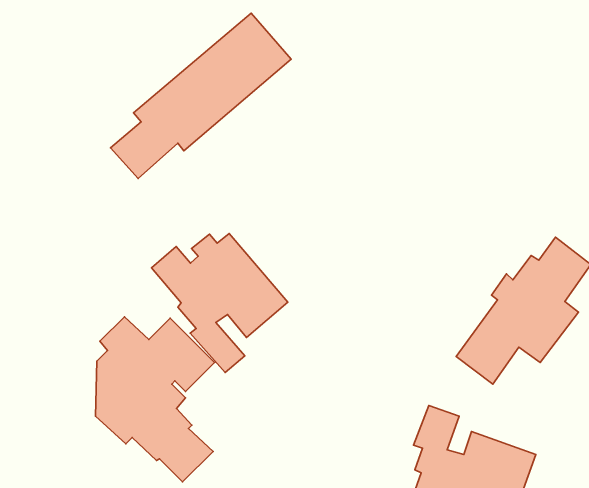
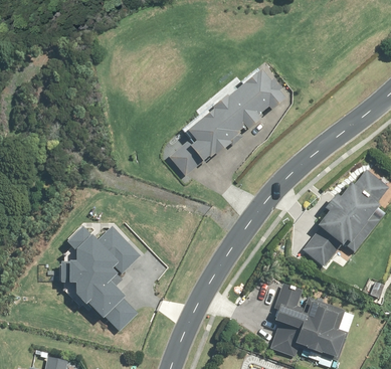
building: [111,13,291,179] -> [169,67,287,176]
building: [152,234,288,373] -> none

